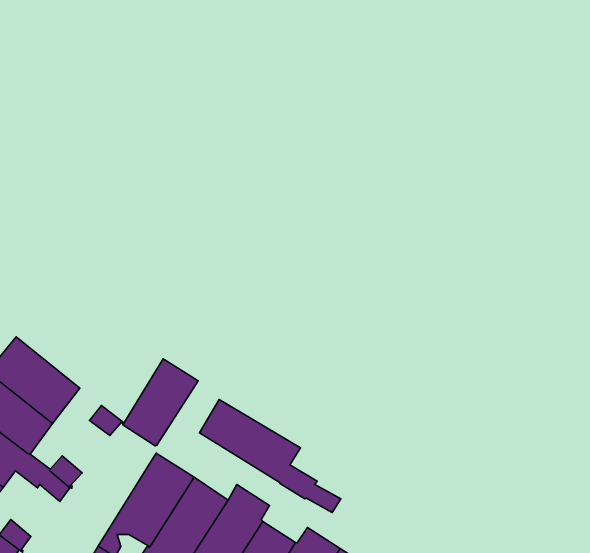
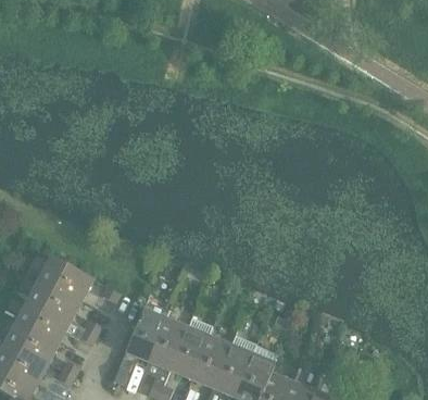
building: [123,359,198,446] -> none
building: [199,400,341,513] -> none

